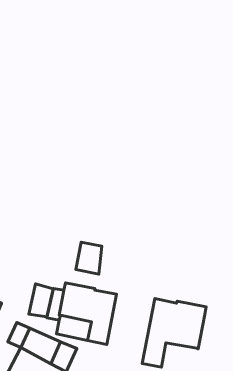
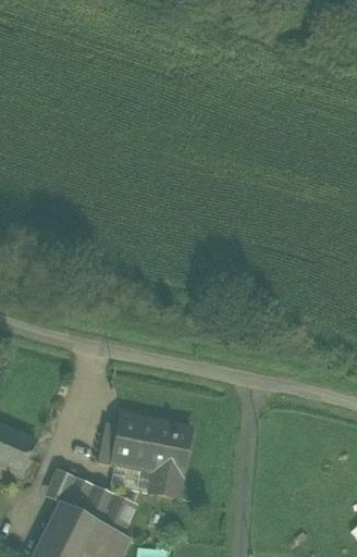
building: [76,242,102,274] -> none
building: [29,284,53,317] -> none
building: [142,299,206,367] -> none

